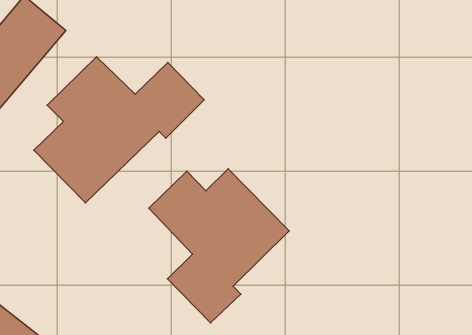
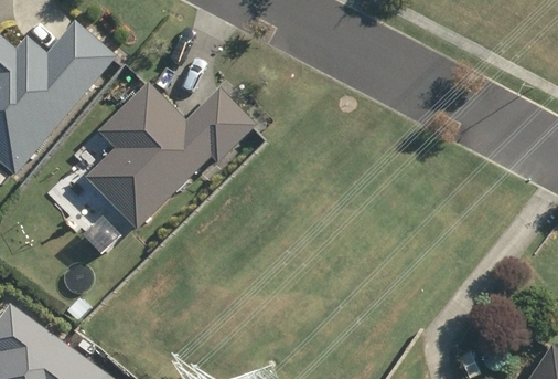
building: [149,169,289,323] -> none

